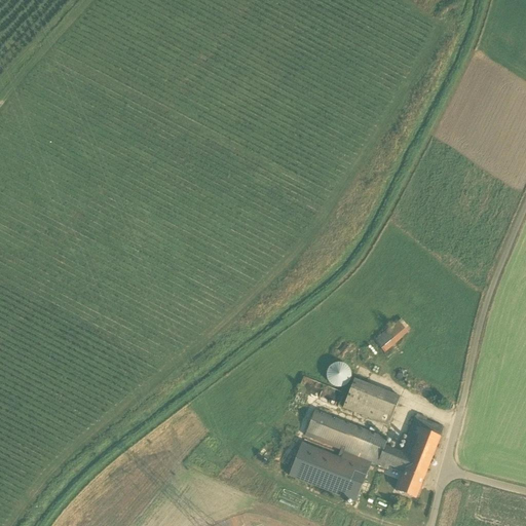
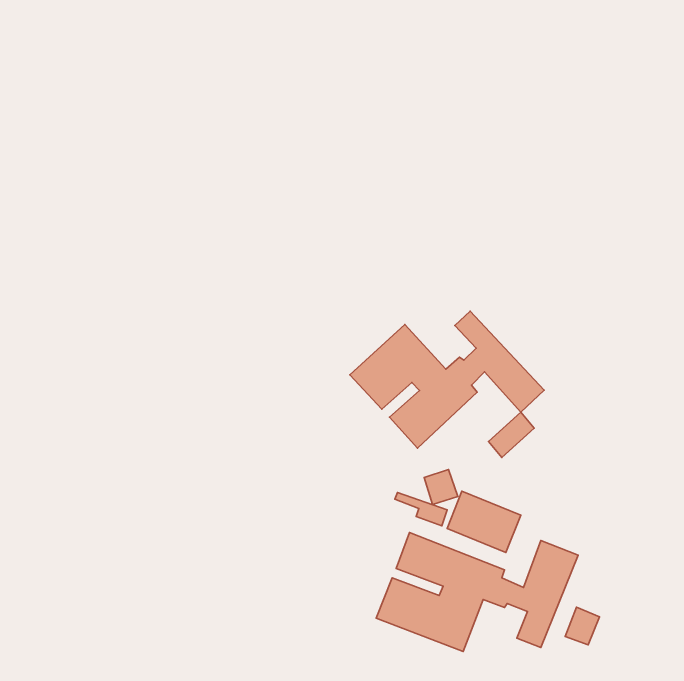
building: none -> [350,311,544,448]
building: none -> [565,607,599,645]

